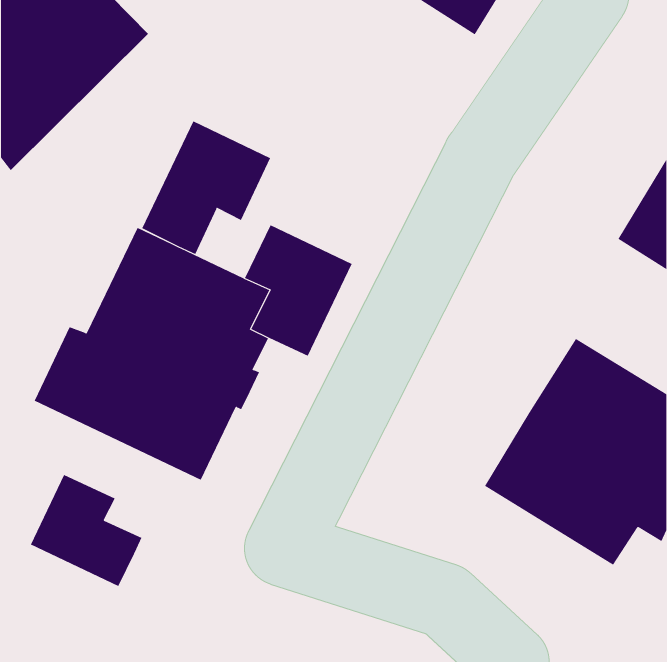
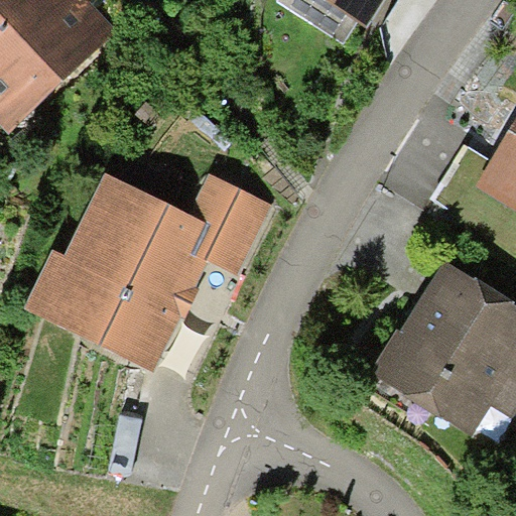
building: [141,121,271,255] -> none
building: [30,474,142,587] -> none

